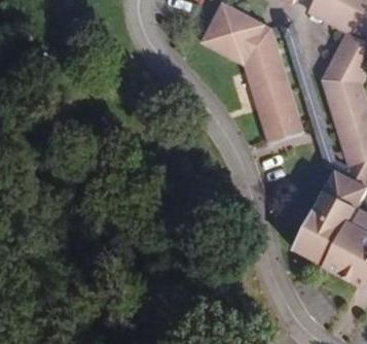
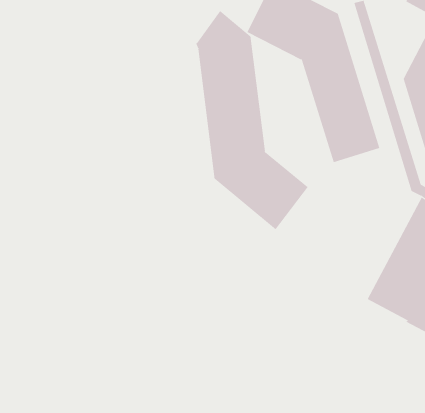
building: none -> [196,10,308,230]

